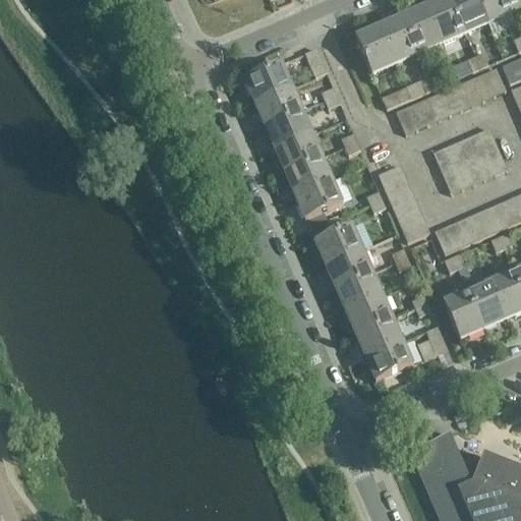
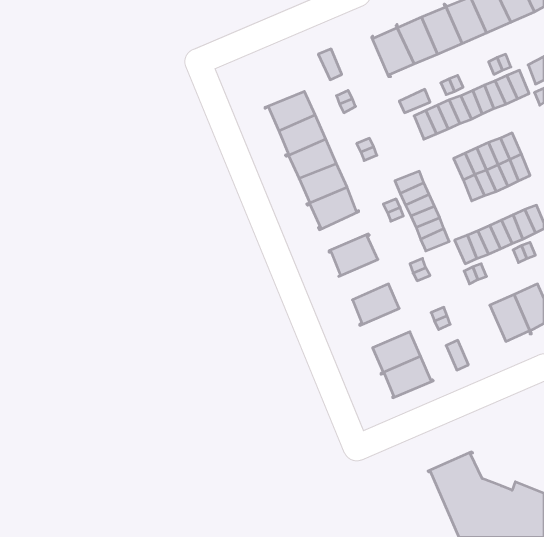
building: [244,62,291,103] -> none
building: [324,248,371,287] -> none
building: [444,292,483,339] -> none
building: [344,295,392,333] -> none

